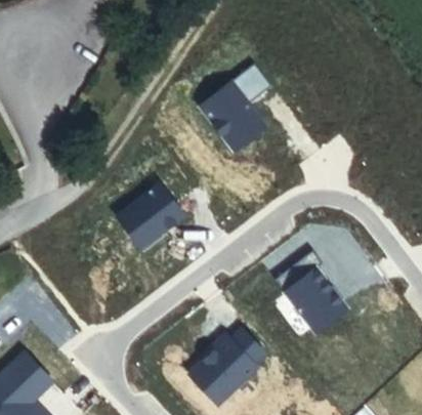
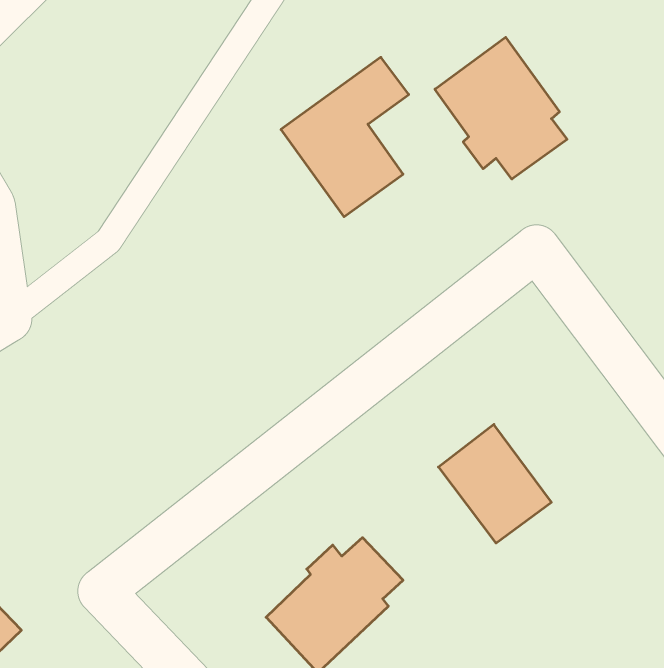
building: none -> [435,37,567,179]
building: [117,183,185,250] -> none

